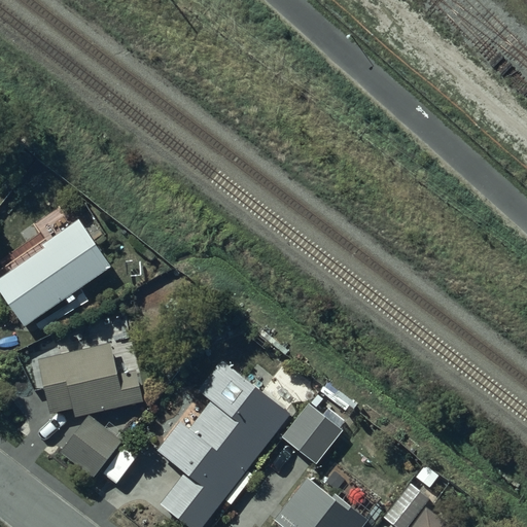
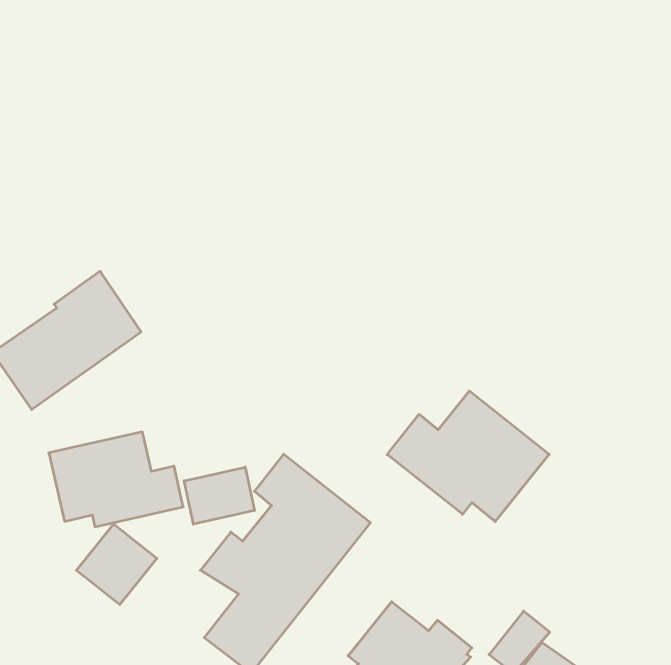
building: none -> [387,391,549,522]
building: none -> [184,467,254,524]
building: [279,405,342,466] -> none

